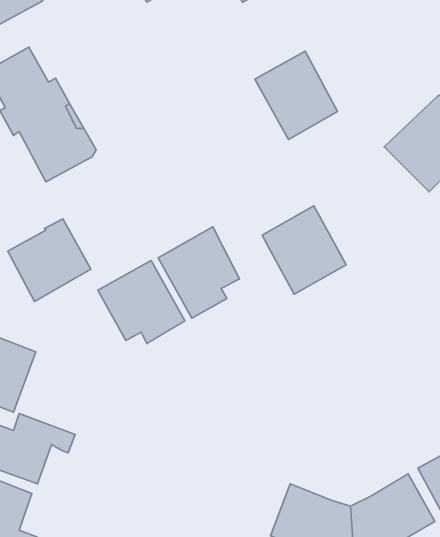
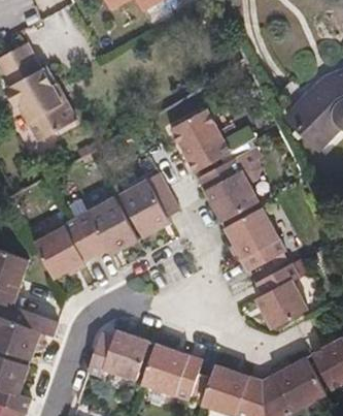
building: [255,51,338,140] -> [168,108,229,173]
building: [8,219,91,302] -> [35,220,96,281]
building: none -> [222,207,285,274]
building: none -> [254,263,305,329]
building: none -> [88,325,152,376]
building: none -> [143,340,203,396]

